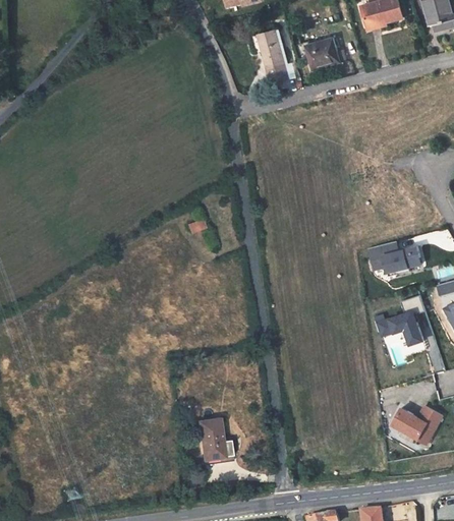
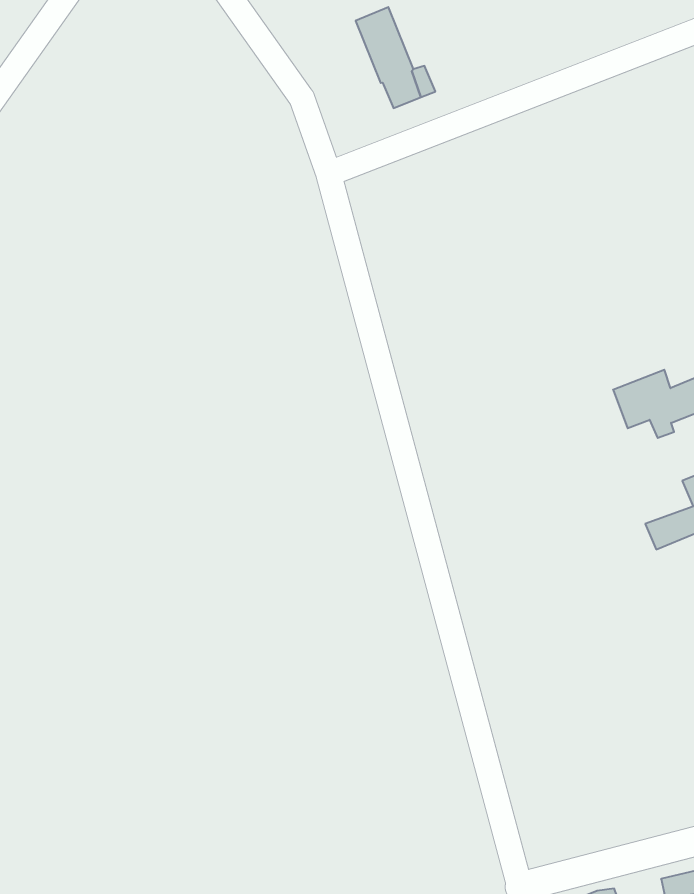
building: [305,38,340,69] -> none
building: [196,419,223,460] -> none

